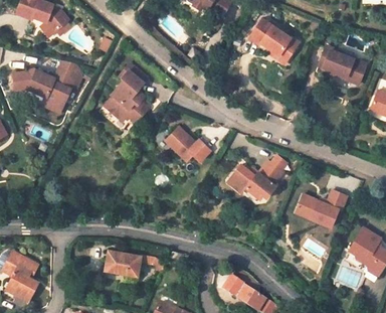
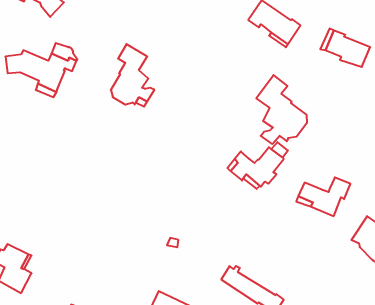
building: none -> [256,75,307,144]
building: [164,126,208,159] -> none
building: [107,244,167,272] -> none

